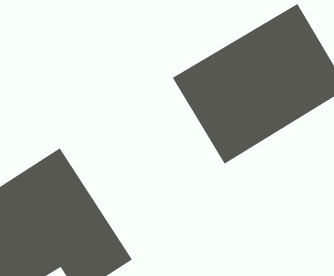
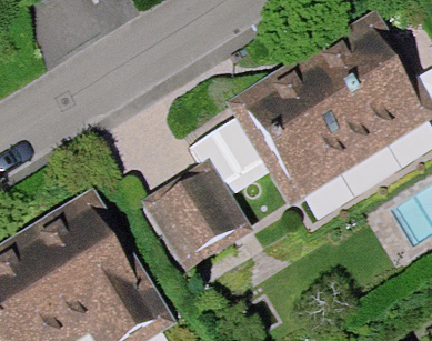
building: none -> [140,160,251,273]

